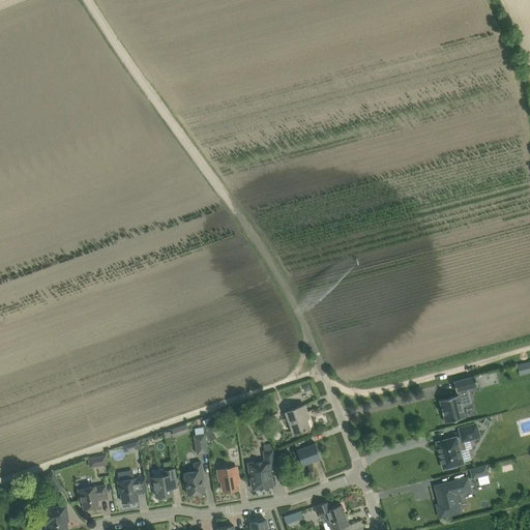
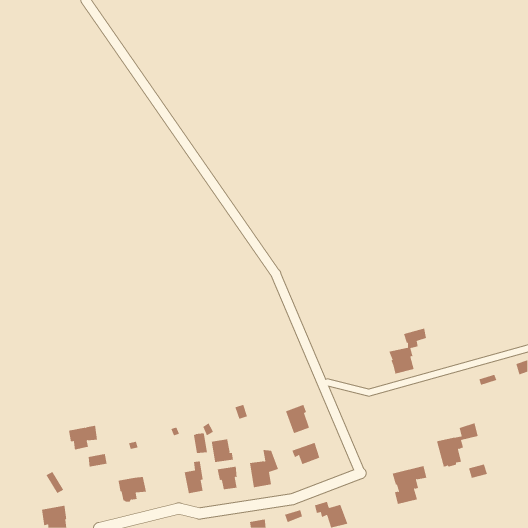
building: [439,376,477,422] -> [389,328,427,374]
building: none -> [211,438,234,463]
building: [151,469,177,497] -> none
building: [435,478,470,518] -> [392,465,427,505]
building: [78,484,108,509] -> [68,425,98,450]

